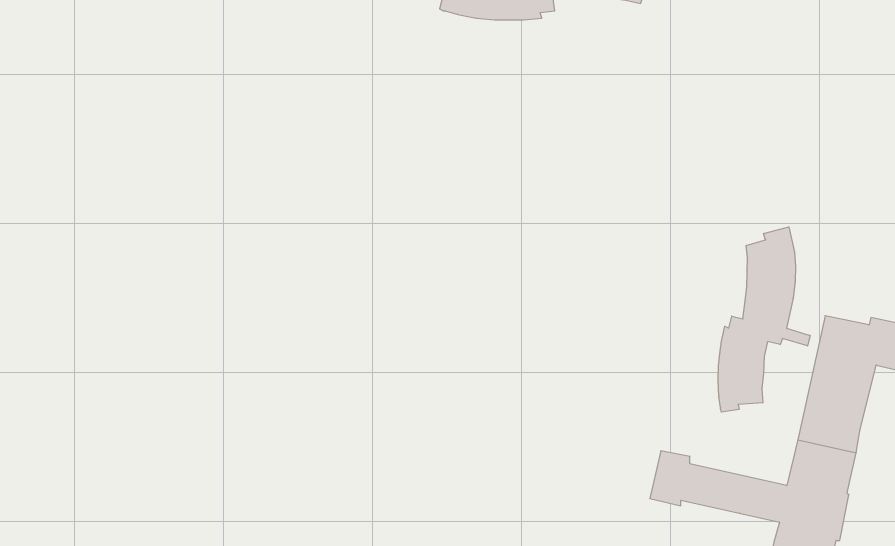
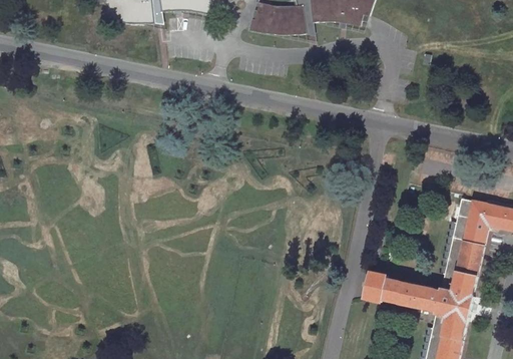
building: [718,227,810,412] -> none

